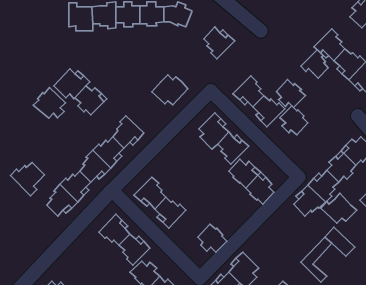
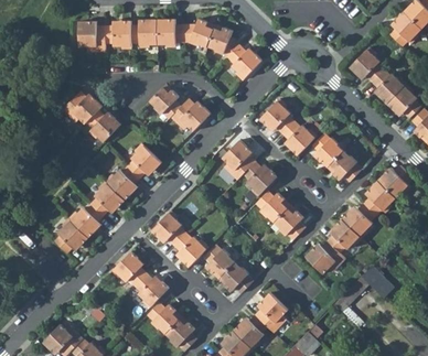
building: none -> [206,28,239,58]
building: [301,50,328,78] -> none
building: none -> [149,85,180,119]
building: [276,80,305,108] -> [330,151,362,182]
building: [33,87,66,118] -> none
building: [10,163,45,196] -> none
building: [321,193,357,223] -> [306,240,345,273]
building: none -> [203,245,234,277]

